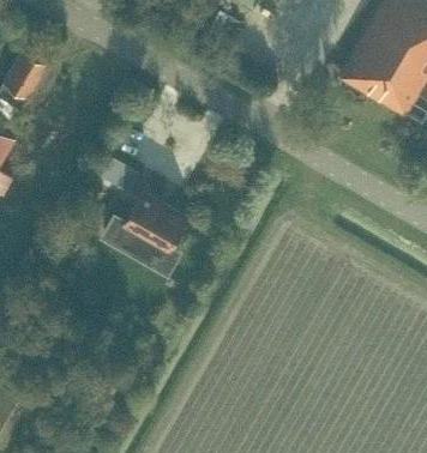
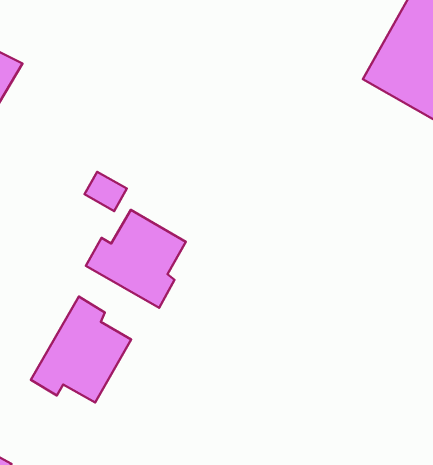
building: none -> [31,297,131,403]

